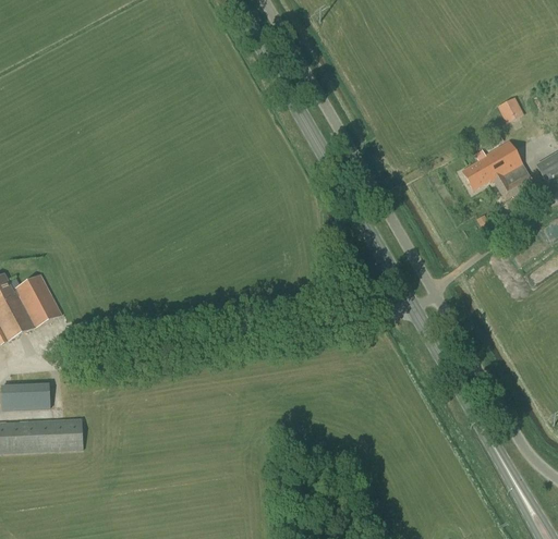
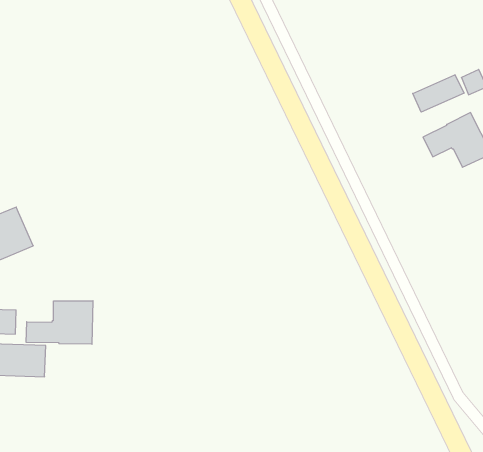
building: none -> [413,75,464,112]
building: none -> [26,301,93,344]

